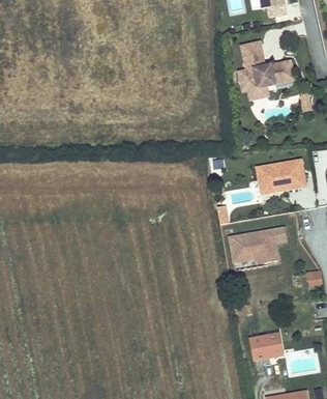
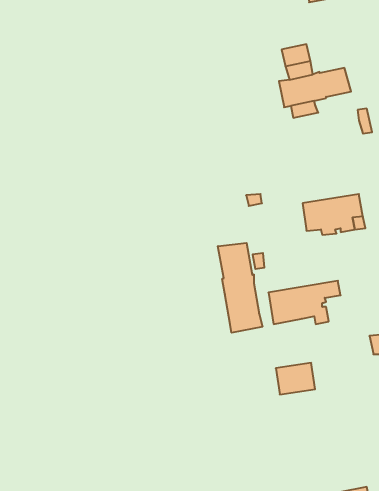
building: none -> [218,243,262,333]
building: [250,333,281,358] -> [276,363,315,394]

